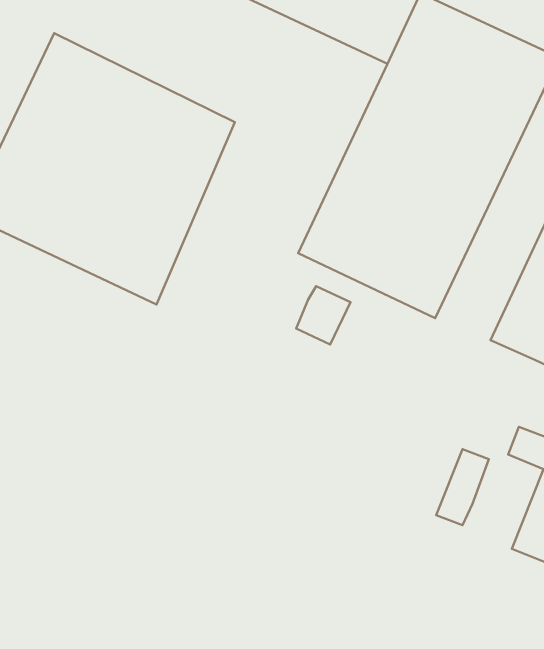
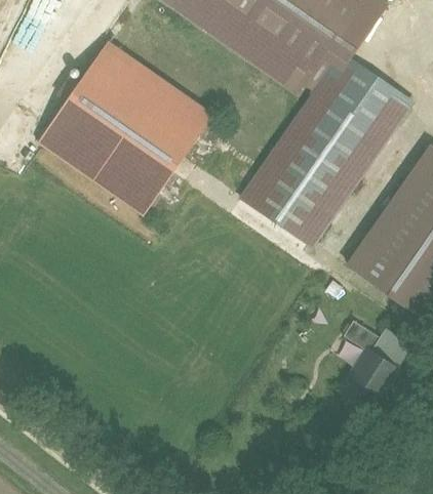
building: [296,286,350,344] -> none
building: [436,449,489,525] -> none

